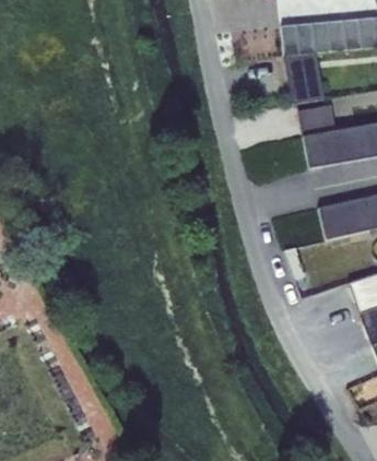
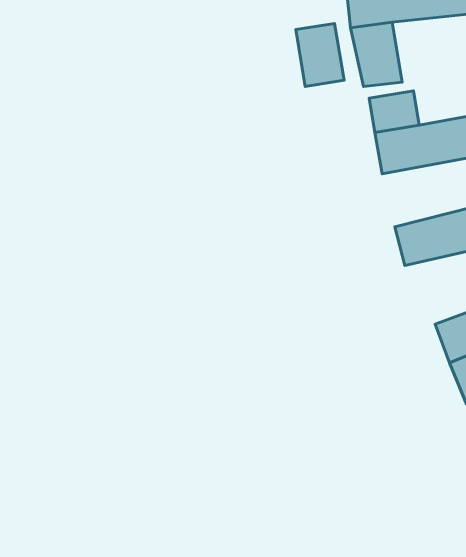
building: none -> [296,23,344,87]

